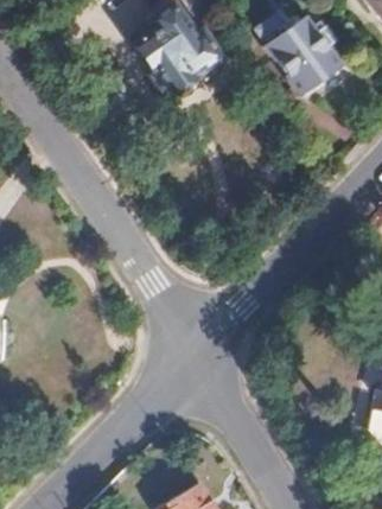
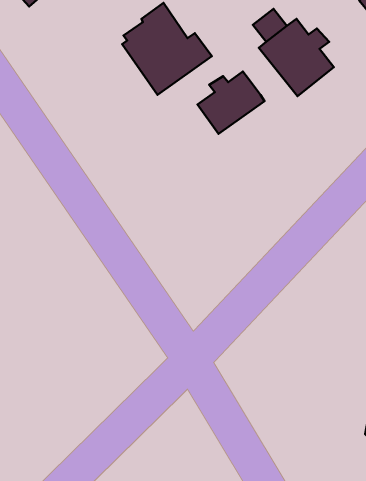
building: none -> [198,72,265,134]

